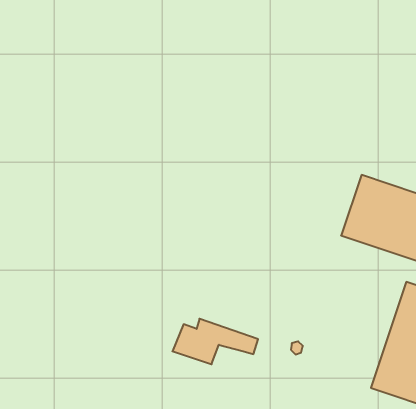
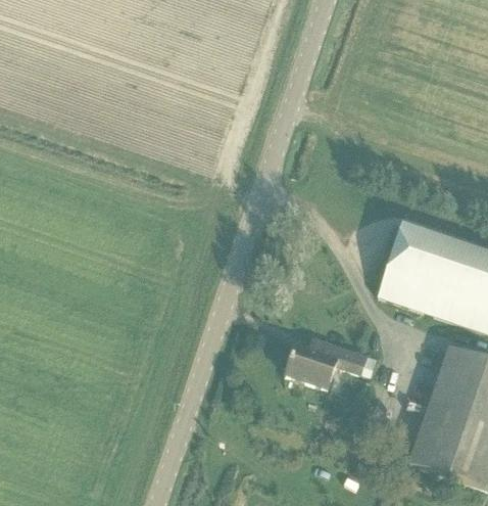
building: [172,319,258,364] -> [284,336,378,386]

